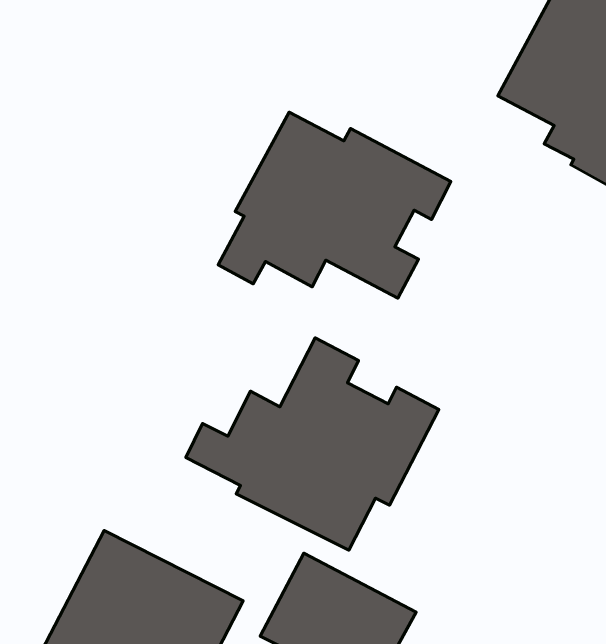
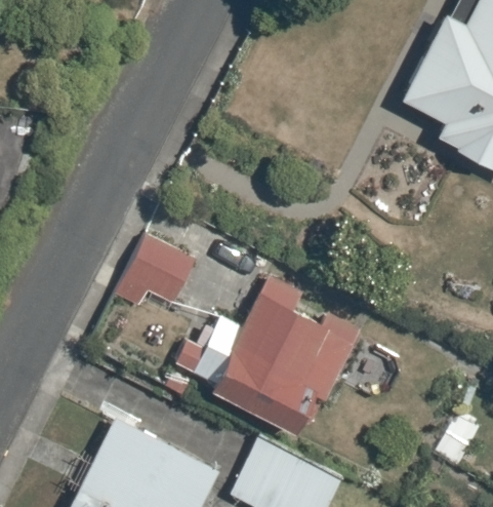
building: [218,112,451,298] -> none
building: none -> [115,236,196,307]

